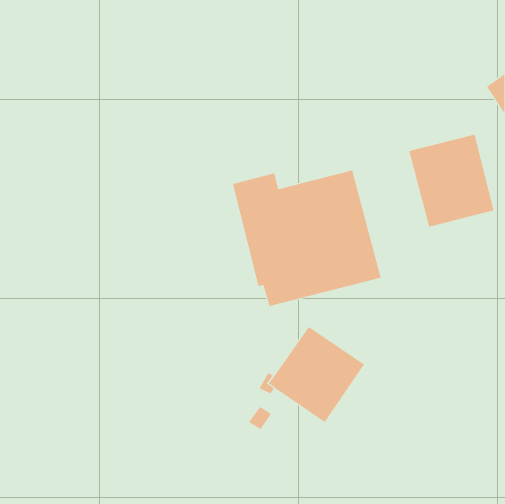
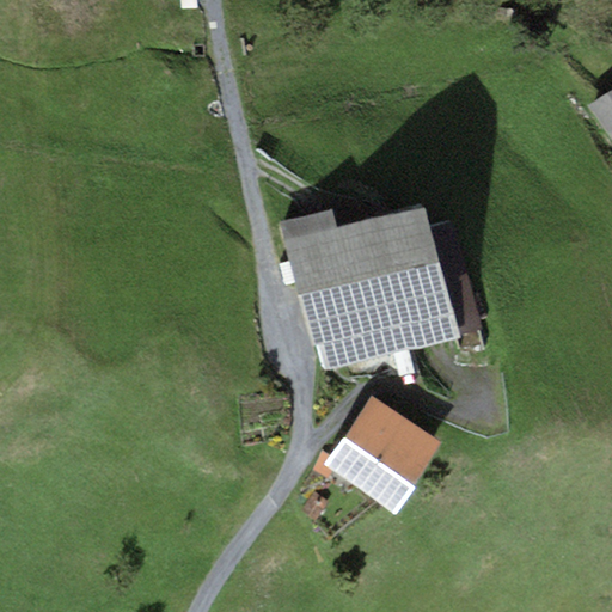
building: [408,134,494,227] -> none

